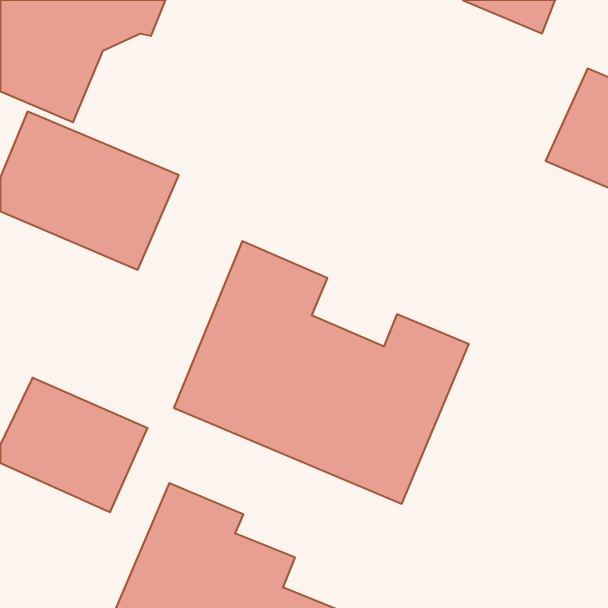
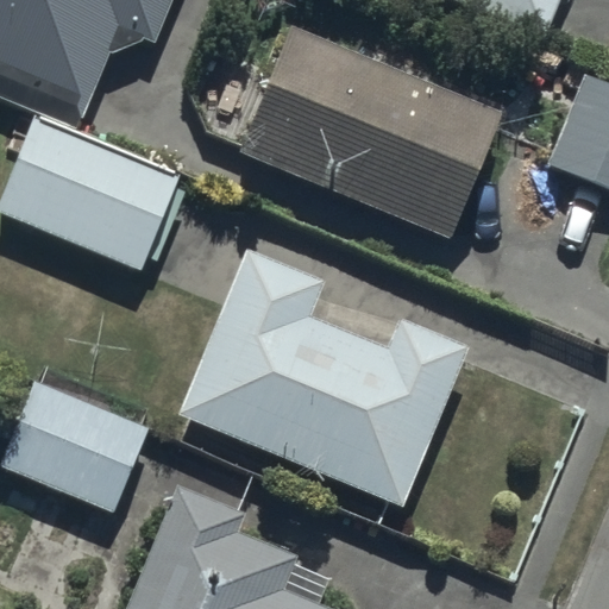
building: none -> [239,31,501,234]

